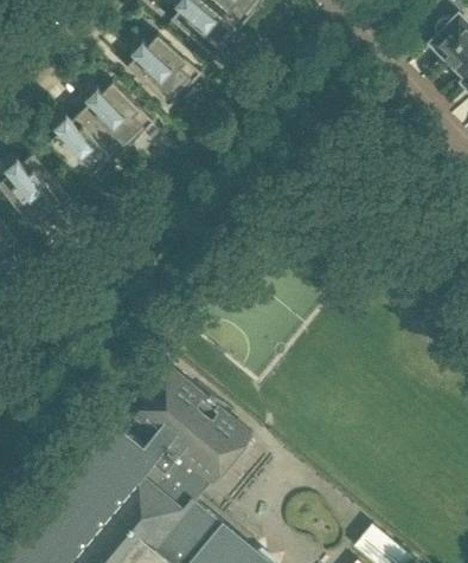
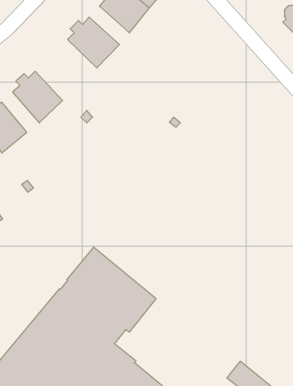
building: [82,84,154,155] -> none

